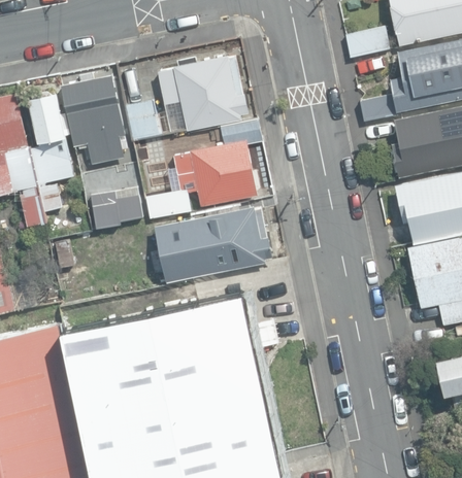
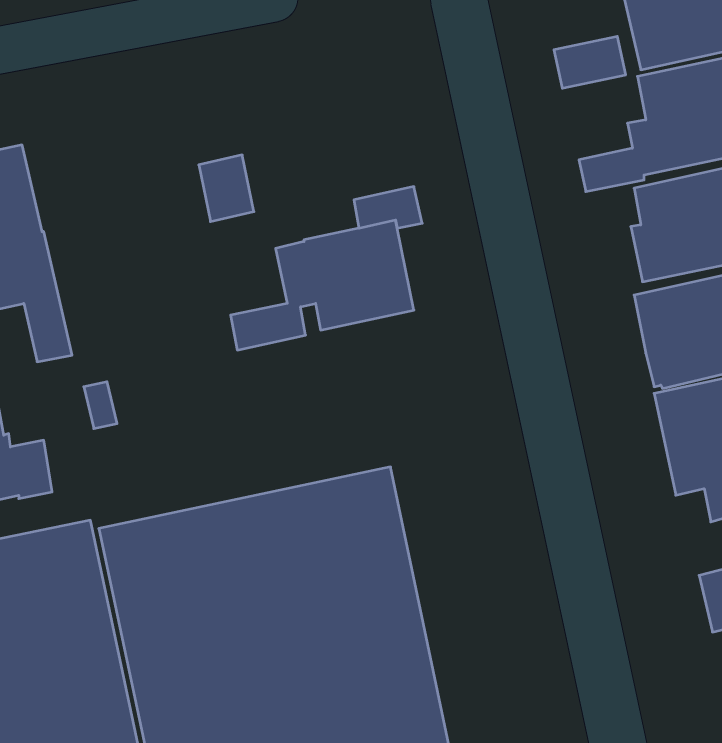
building: [159,55,251,132] -> none
building: [62,72,128,165] -> none
building: [28,93,74,212] -> none
building: [91,189,143,231] -> none
building: [156,207,274,284] -> none

